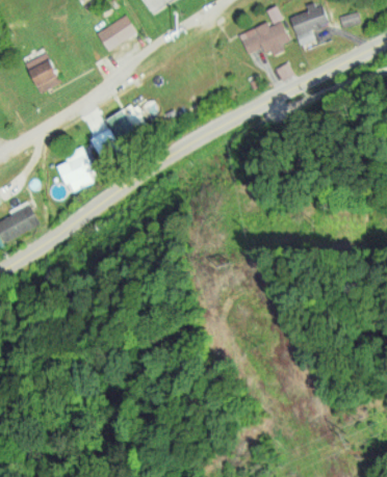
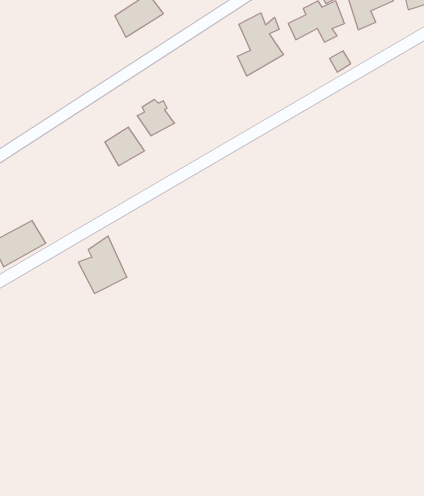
building: none -> [238,13,284,76]
building: [25,53,62,92] -> none
building: [57,144,98,192] -> [78,236,127,293]

